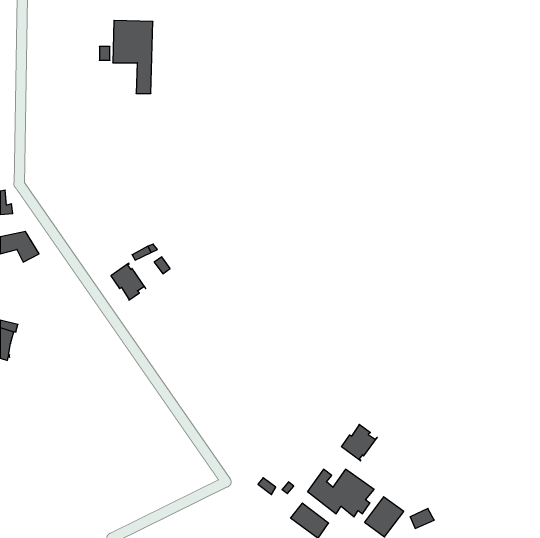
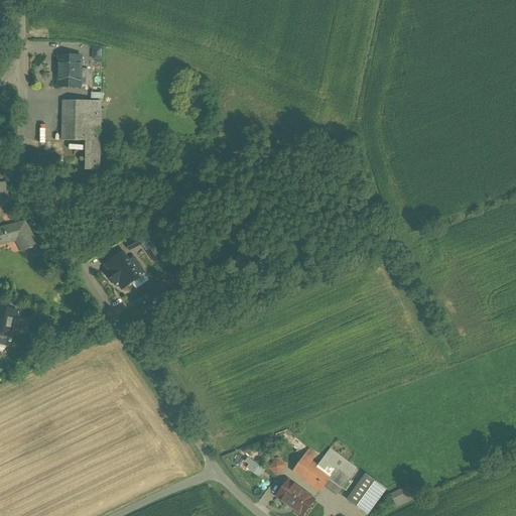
building: [113,20,153,93] -> [62,99,101,168]
building: none -> [58,54,82,86]
building: [341,424,377,461] -> none

